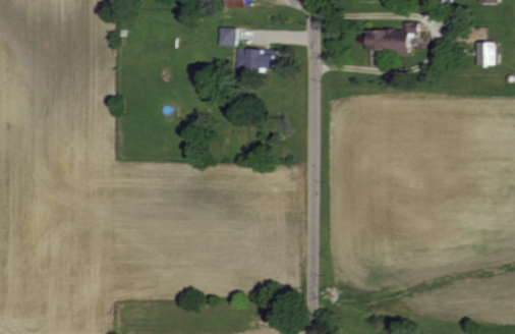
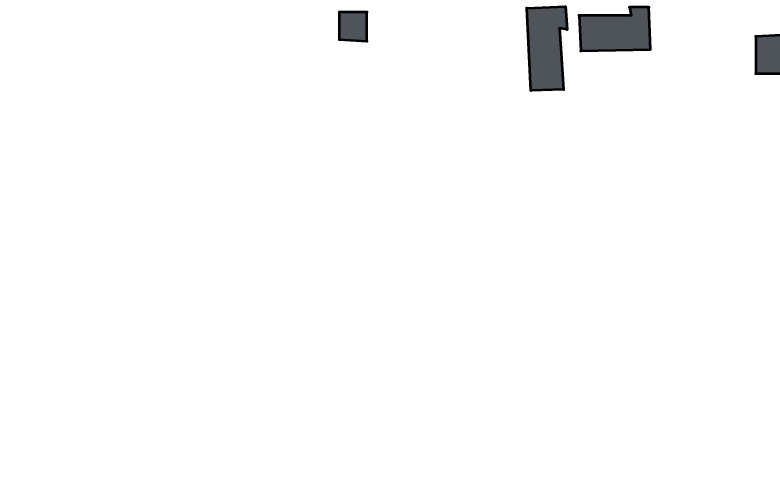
building: none -> [527,7,567,91]
building: [249,49,278,70] -> none

